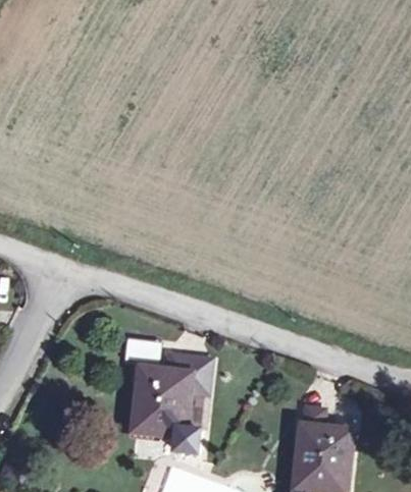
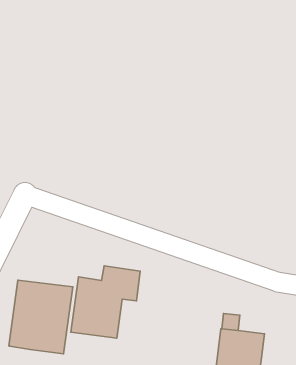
building: none -> [9,280,73,354]

